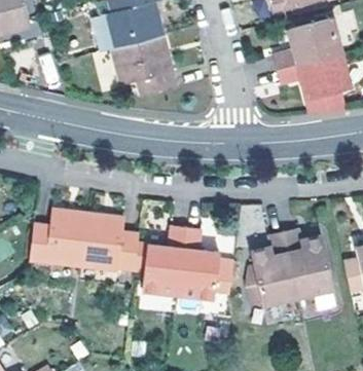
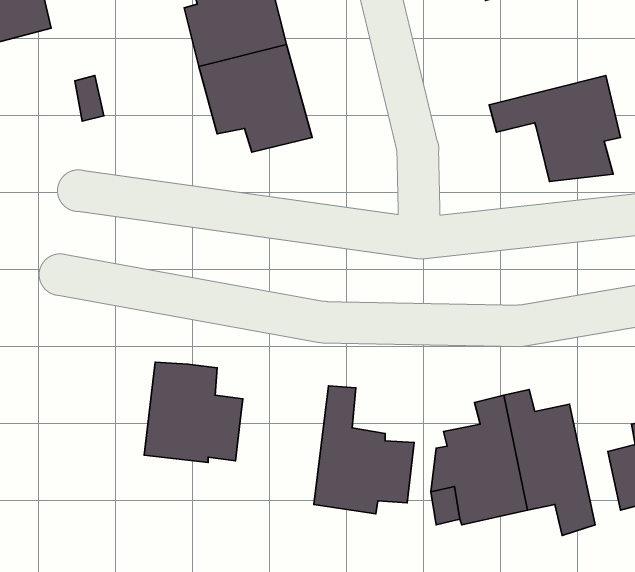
building: [275,17,342,69] -> none
building: [30,210,88,266] -> none
building: [133,225,186,294] -> none

